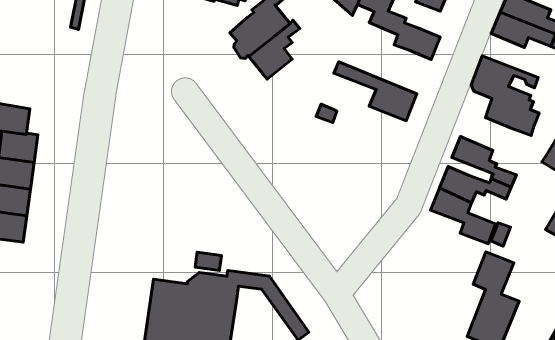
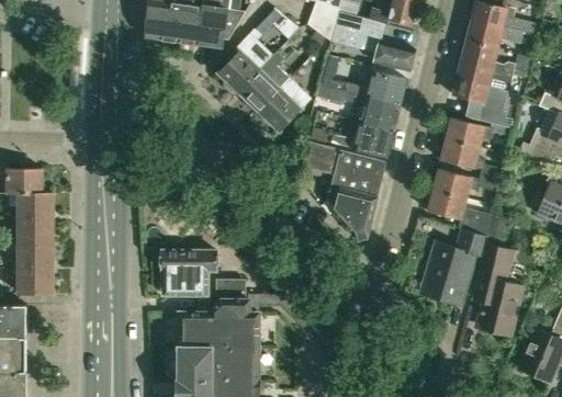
building: none -> [457,39,514,75]
building: none -> [324,58,407,105]
building: none -> [259,89,311,132]
building: none -> [329,123,394,158]
building: none -> [447,117,513,148]
building: none -> [297,141,386,240]
building: none -> [162,250,216,295]
building: none -> [419,229,486,306]

